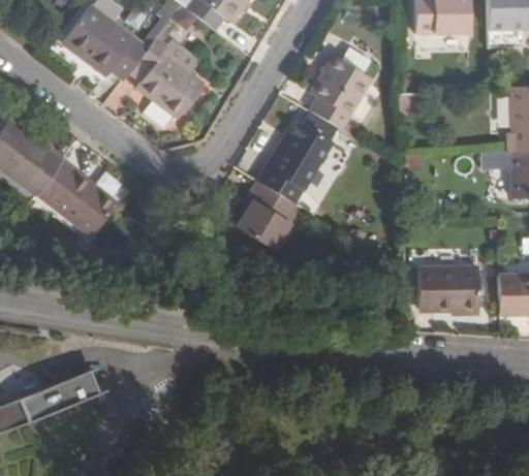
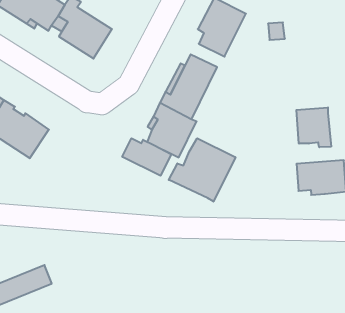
building: none -> [296,107,331,147]
building: none -> [122,138,171,176]
building: none -> [169,138,235,202]

